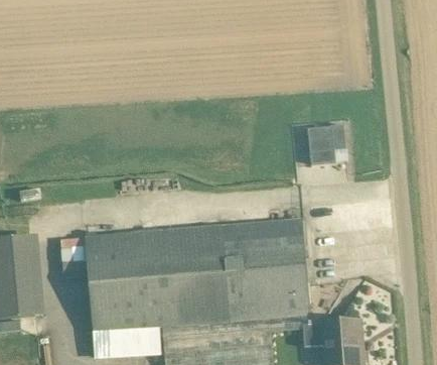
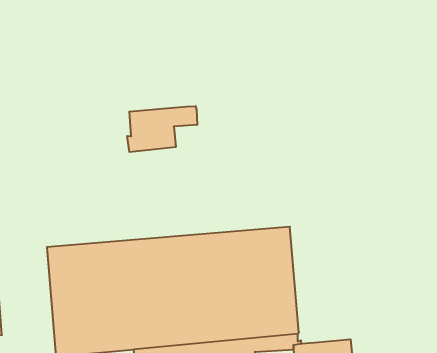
building: none -> [127,106,197,152]
building: [306,123,344,161] -> none

